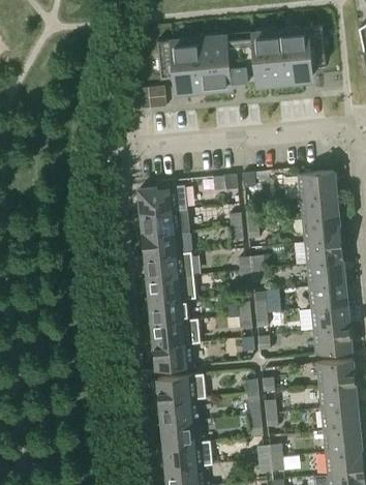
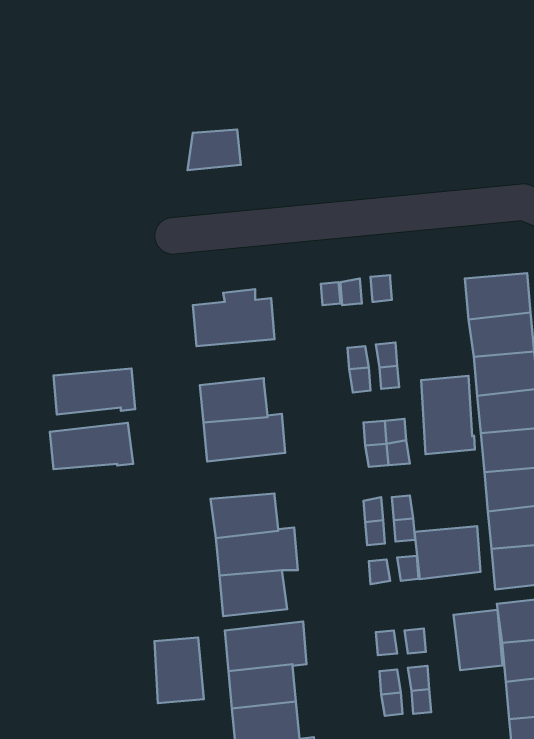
building: [157,26,326,91] -> none
building: [142,210,189,237] -> [53,368,135,415]
building: none -> [421,376,475,454]
building: [148,276,196,303] -> [50,423,133,469]
building: none -> [414,526,481,579]
building: none -> [453,610,502,670]
building: none -> [154,637,204,703]

